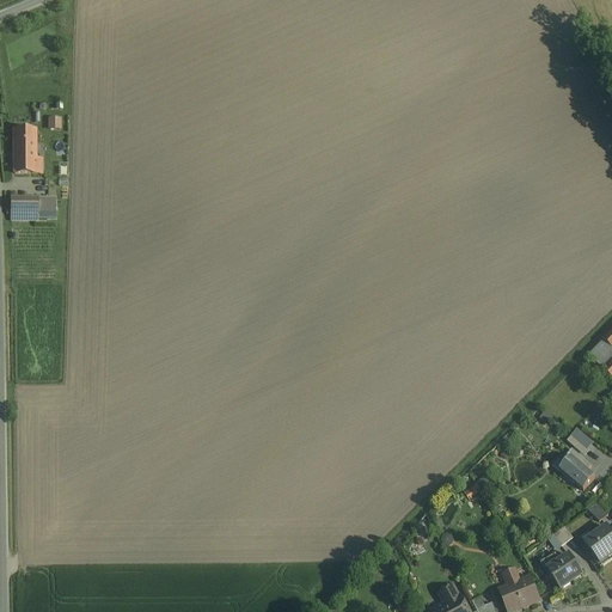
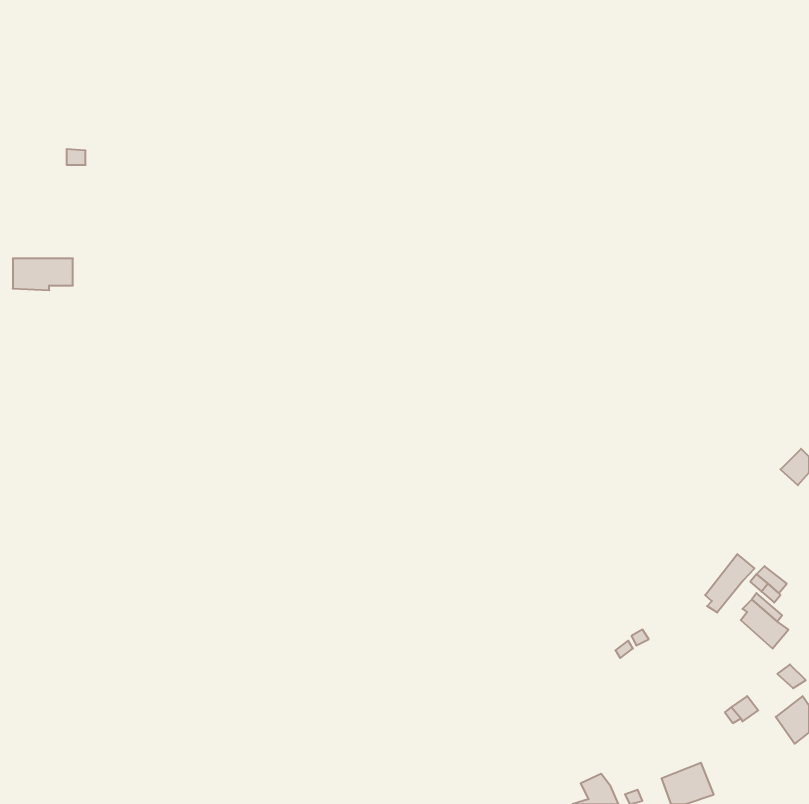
building: [12,127,41,171] -> none
building: none -> [705,554,754,613]
building: [546,552,582,587] -> none

